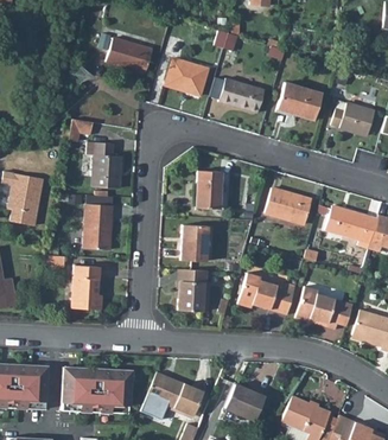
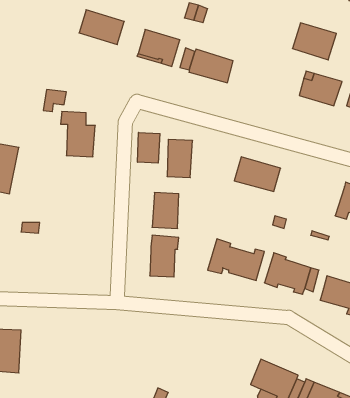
building: [276,82,322,120] -> [292,23,336,60]
building: none -> [138,132,160,163]
building: [83,203,113,249] -> none
building: [325,205,377,248] -> none
building: [71,264,102,310] -> none
building: [61,366,132,414] -> none
building: [145,374,204,417] -> none
building: [224,383,265,421] -> none

